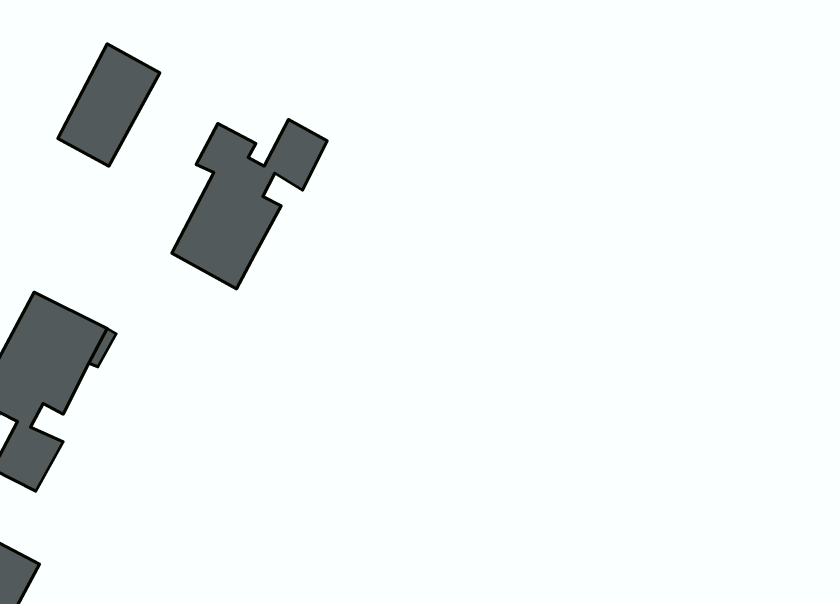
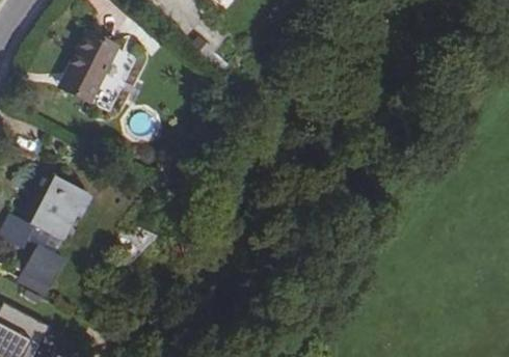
building: [172,119,327,289] -> none

